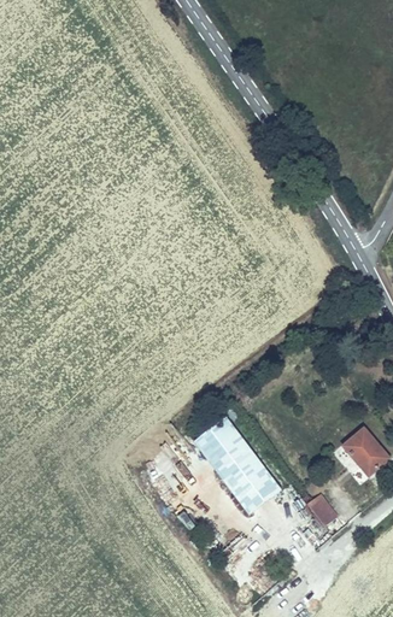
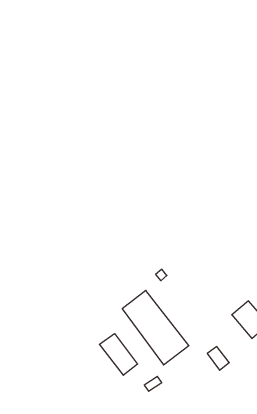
building: none -> [99,334,138,375]

